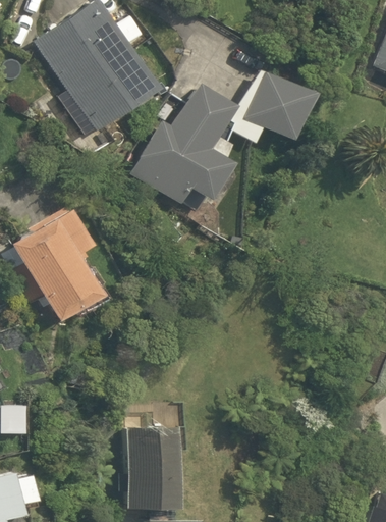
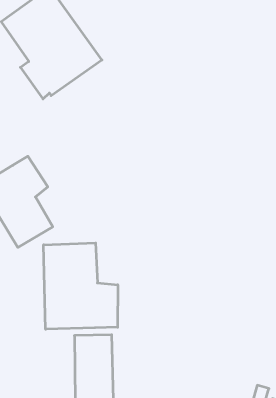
building: [130,70,310,205] -> none
building: none -> [44,243,118,329]

